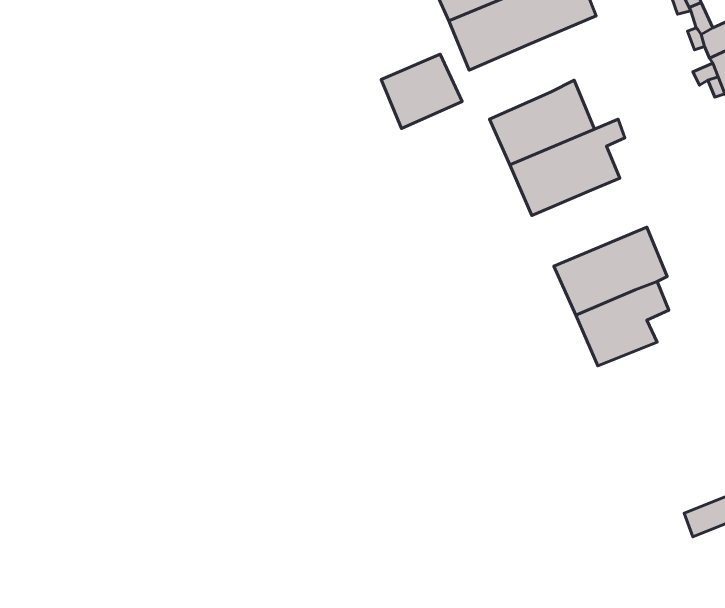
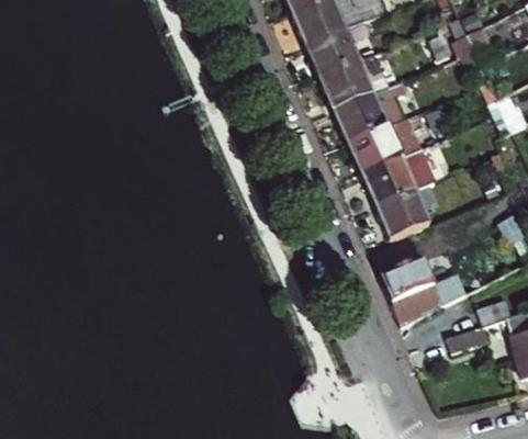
building: [381,54,462,128] -> [307,31,360,79]
building: none -> [348,116,423,175]
building: none -> [381,258,469,324]

